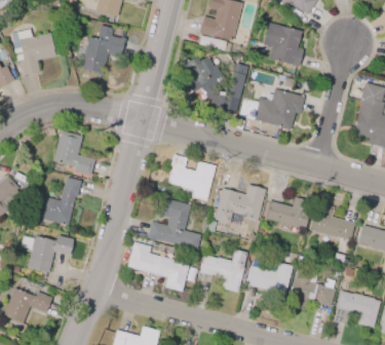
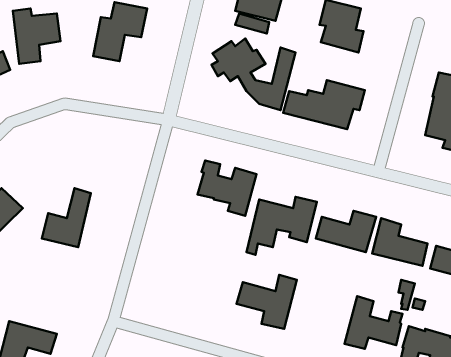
building: [53,130,93,175] -> none
building: [147,198,200,250] -> none
building: [29,236,73,273] -> none
building: [126,242,189,292] -> none
building: [244,262,293,296] -> none

